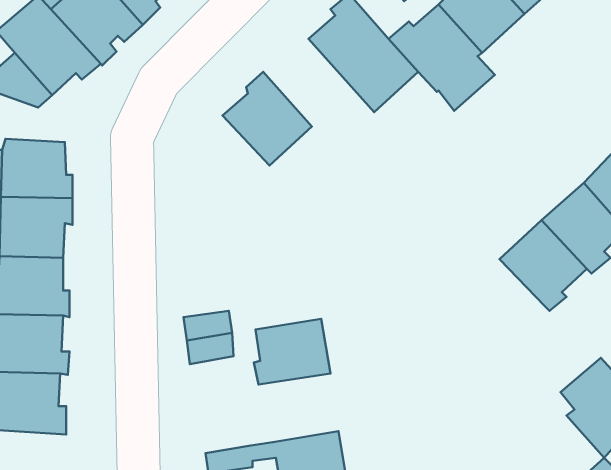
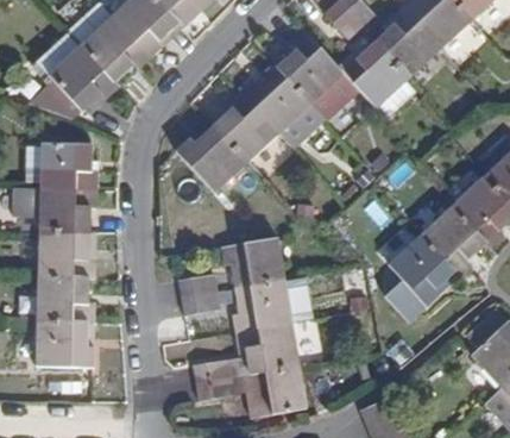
building: none -> [241,67,326,150]
building: none -> [177,125,246,192]
building: none -> [384,234,455,321]
building: none -> [225,238,285,288]
building: none -> [195,321,298,382]

